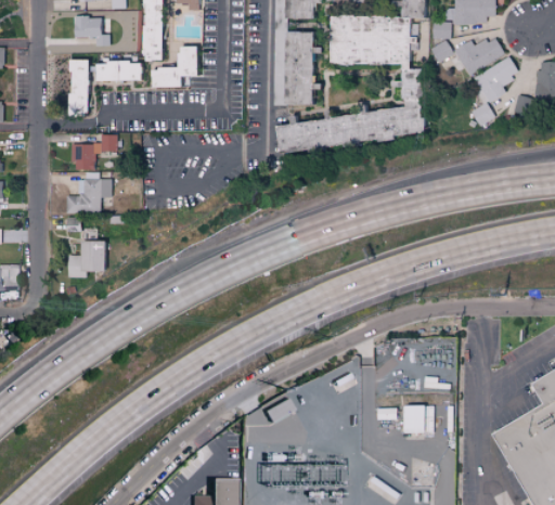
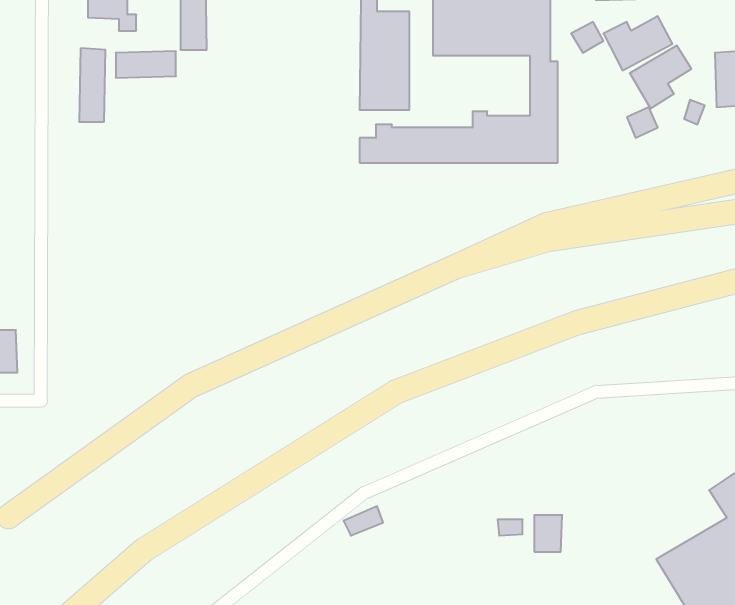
building: [151,46,196,88] -> none
building: [75,133,119,169] -> none
building: [67,178,114,212] -> none
building: [68,241,104,276] -> none

